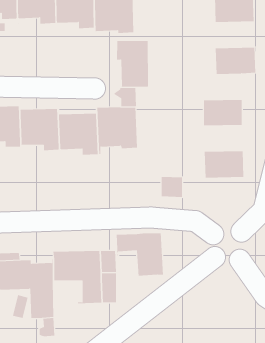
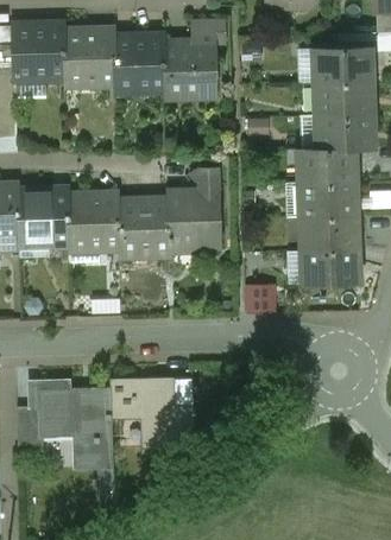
building: none -> [320,81,372,115]
building: [113,40,151,87] -> none
building: none -> [303,148,355,183]
building: none -> [304,215,357,249]
building: [116,232,164,276] -> none

